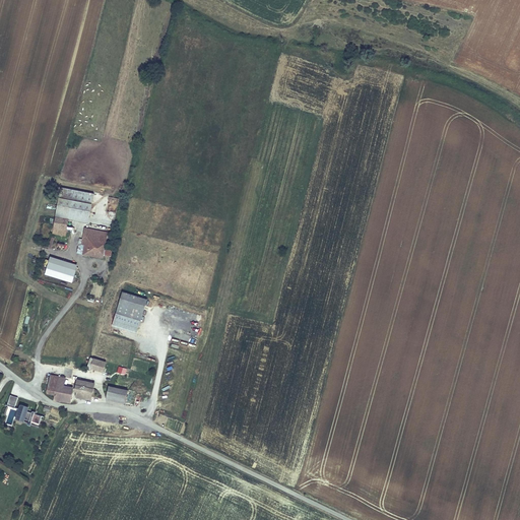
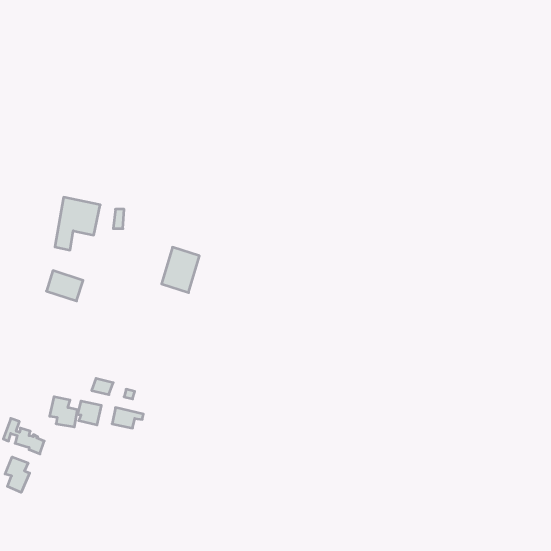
building: [76,226,113,258] -> none
building: [112,290,147,333] -> [162,247,199,293]
building: none -> [5,457,30,492]

